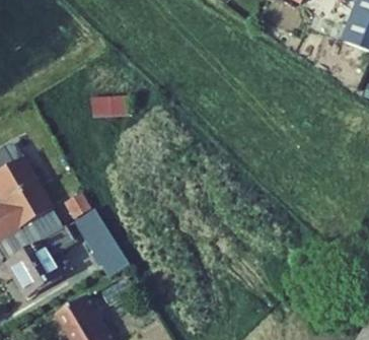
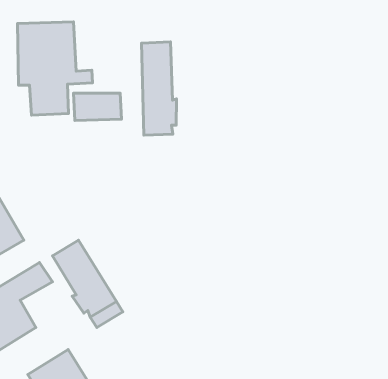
building: none -> [18,22,92,115]
building: none -> [141,42,176,135]

